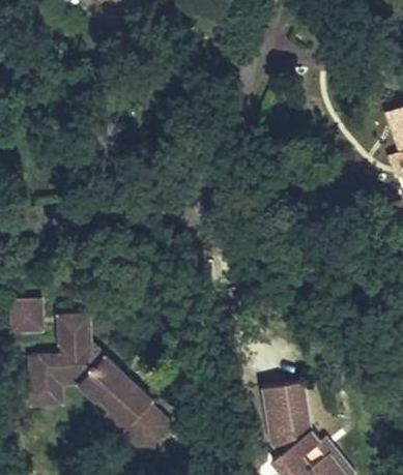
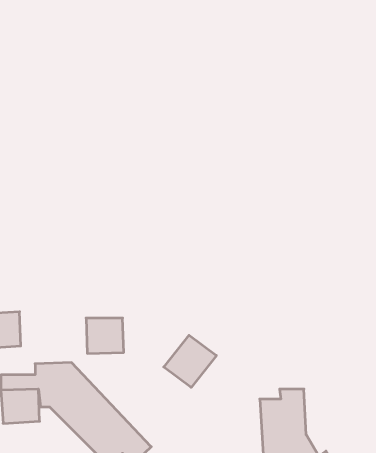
building: [58,316,93,349] -> [86,318,124,353]
building: none -> [164,335,216,387]

